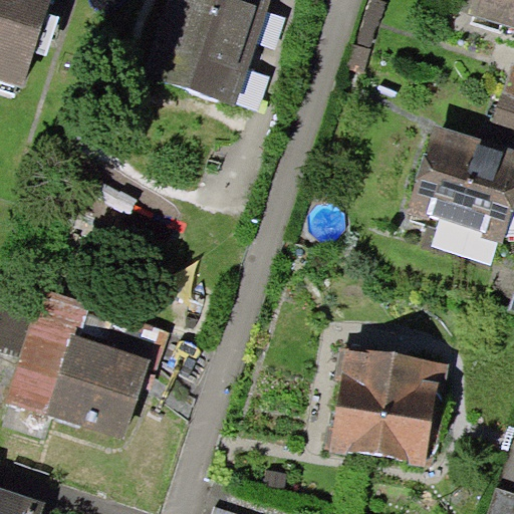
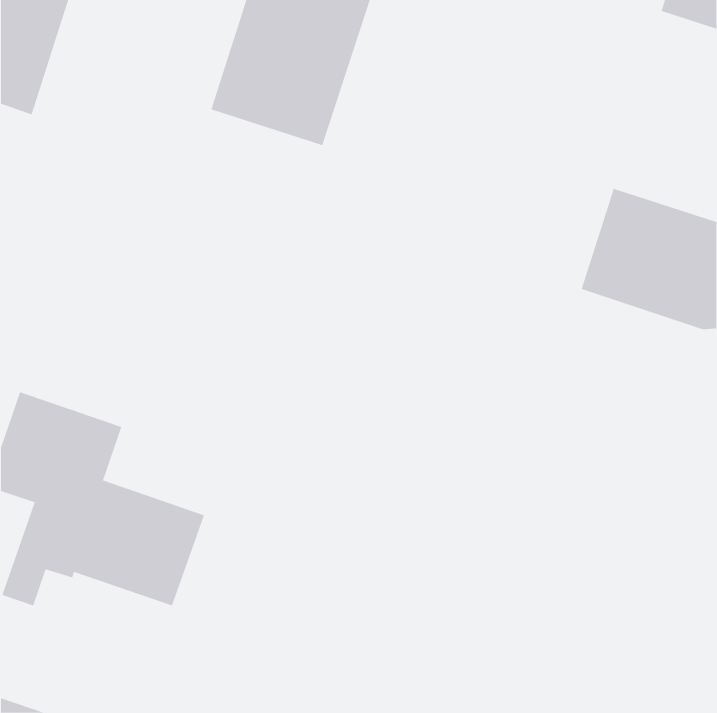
building: [330,351,440,463] -> none

